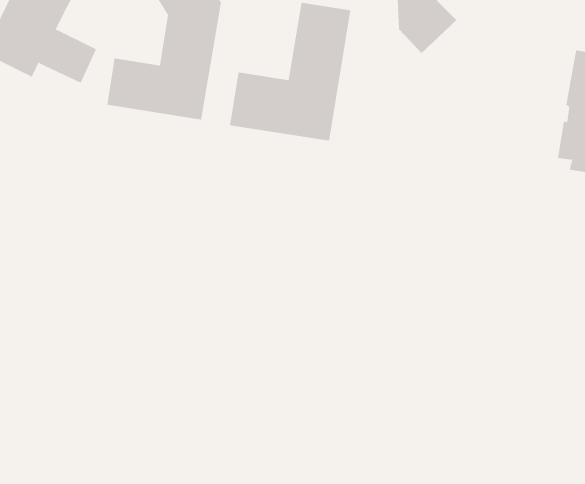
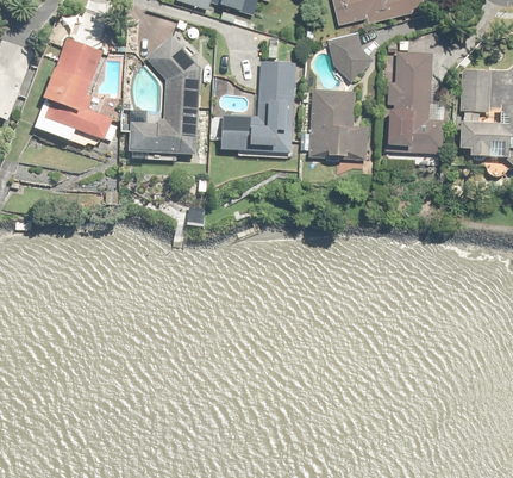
building: none -> [388,50,444,150]
building: none -> [306,92,368,163]

